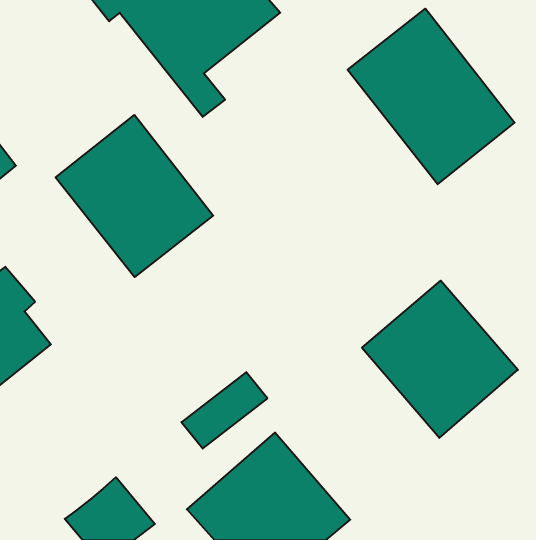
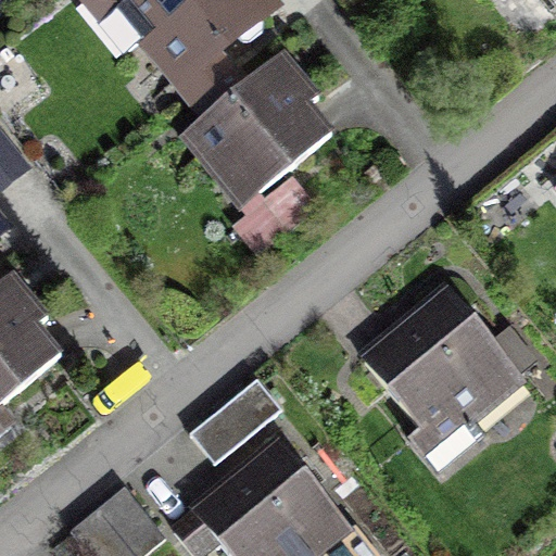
building: [348,9,515,184] -> none
building: none -> [180,56,336,218]
building: [56,115,213,277] -> none

